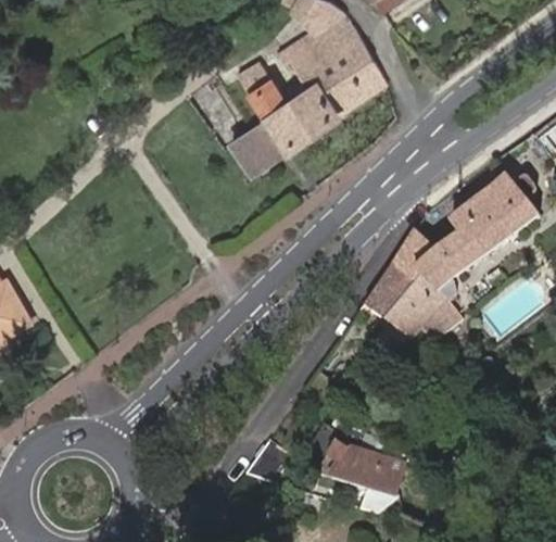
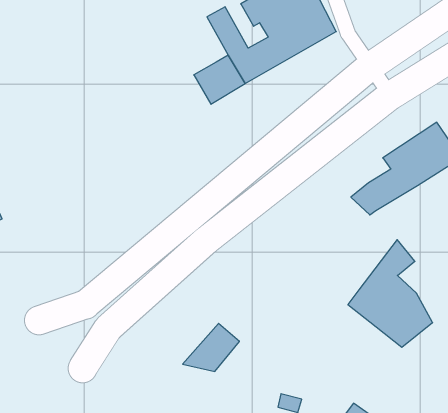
building: [364,226,460,346] -> [348,240,433,347]
building: [327,440,405,495] -> none

